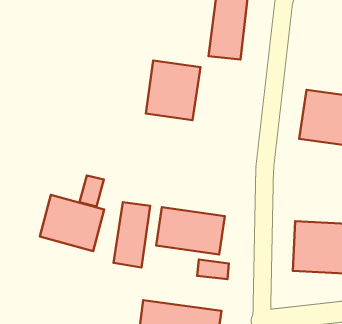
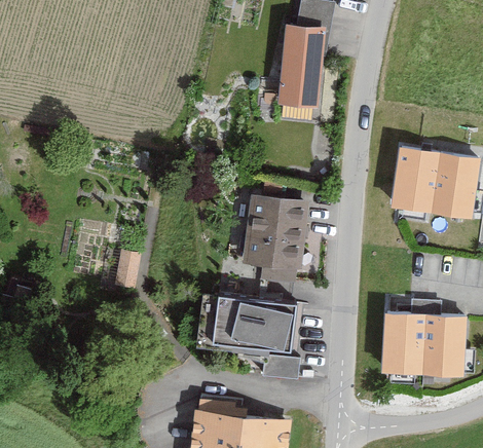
building: [146,61,201,120] -> [243,194,311,269]
building: [40,195,104,251] -> none
building: [114,202,150,267] -> none

